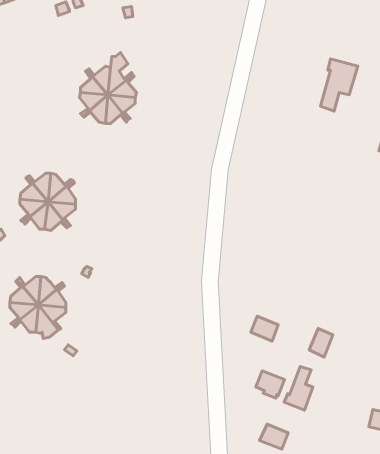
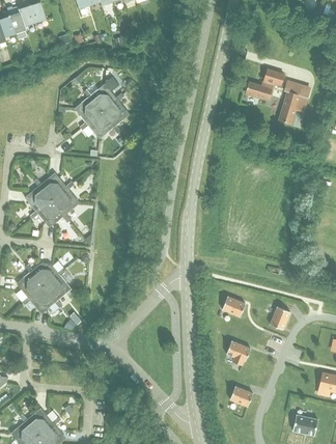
building: none -> [245,70,283,101]
building: [284,366,313,410] -> none

